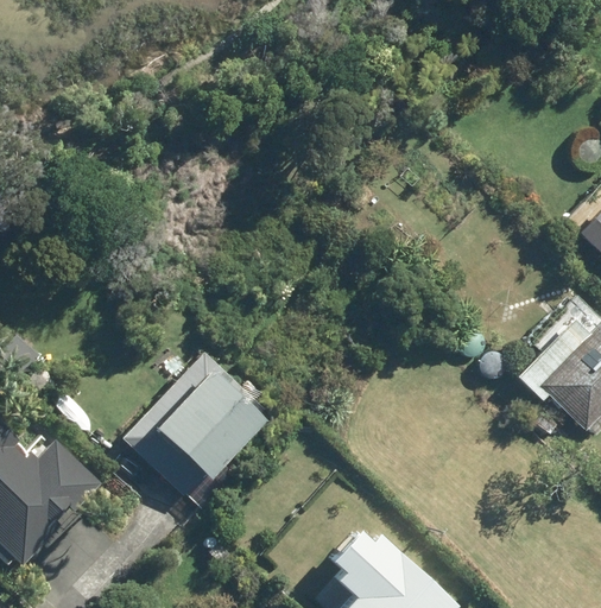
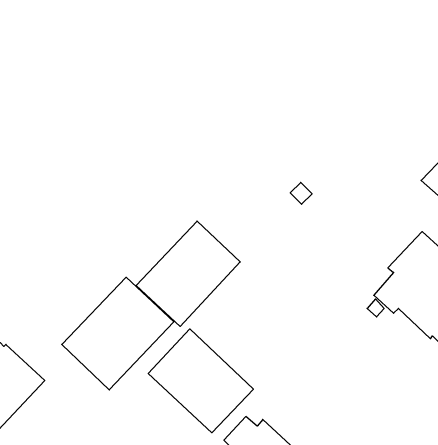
building: none -> [136,221,240,326]
building: none -> [148,329,253,433]

